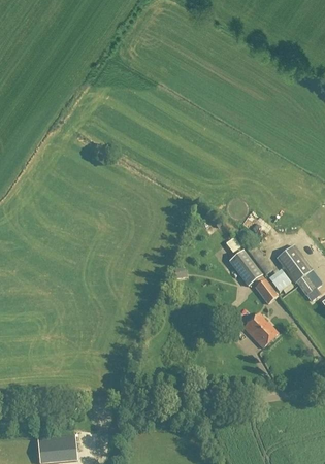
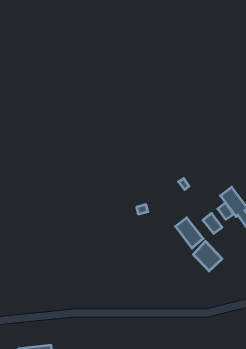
building: [230,250,263,286] -> [175,218,203,248]

